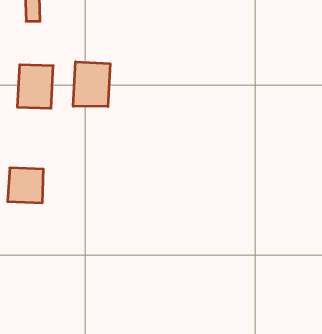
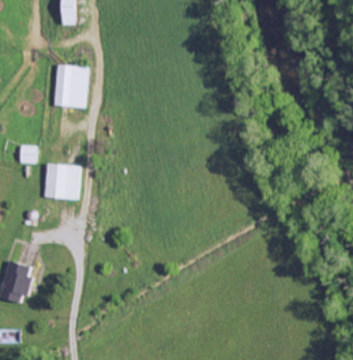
building: [73,62,110,107] -> none

